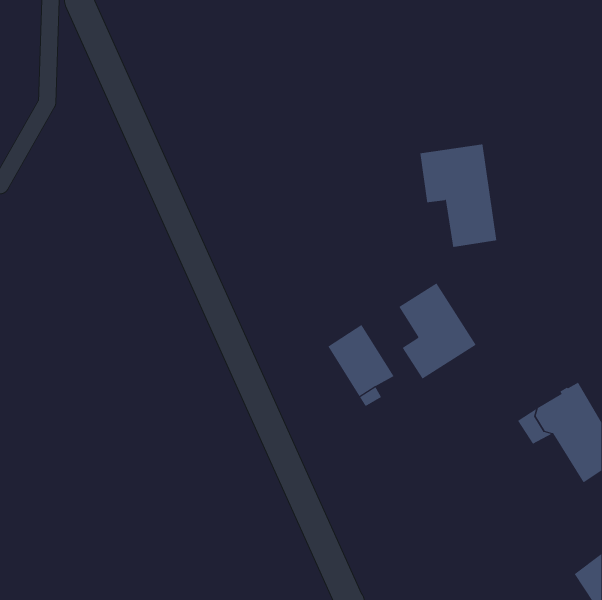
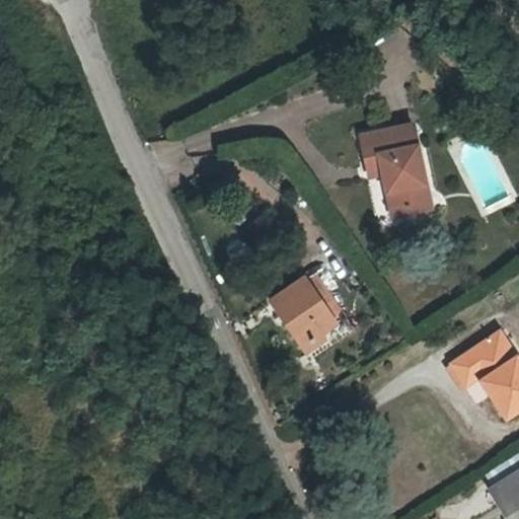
building: [398,283,476,379] -> none

